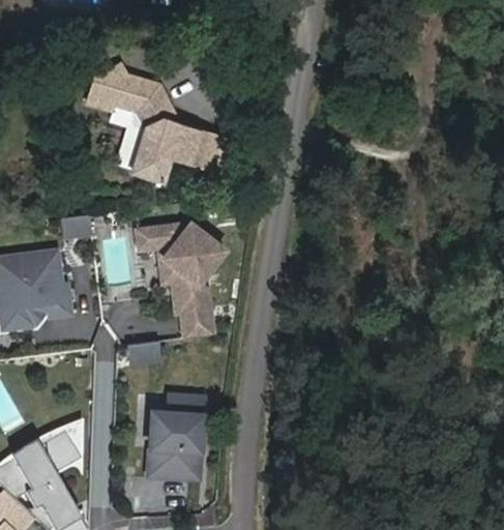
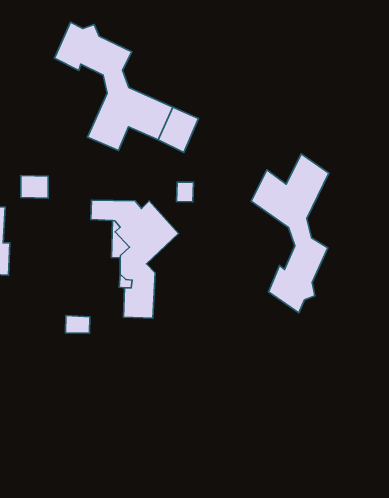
building: none -> [251,154,329,313]
building: [152,396,204,477] -> none

